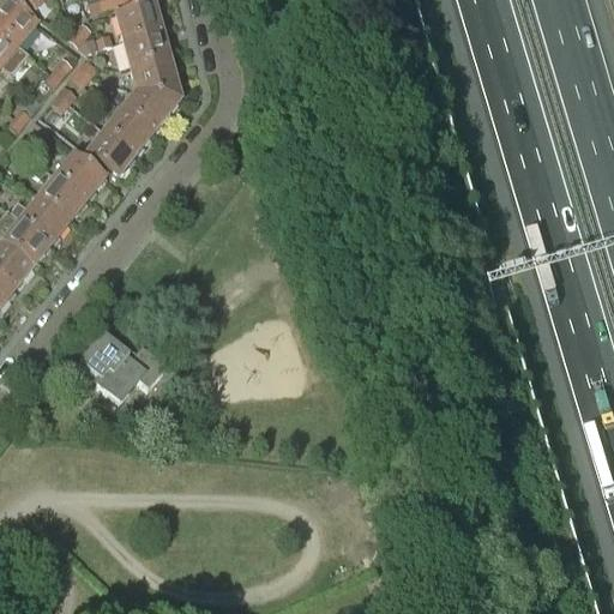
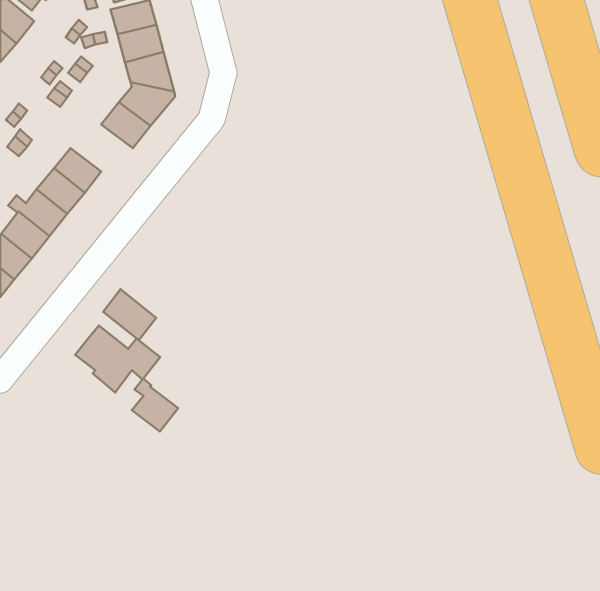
building: [84,127,137,177] -> none
building: none -> [103,289,156,340]
building: none -> [132,379,178,431]

